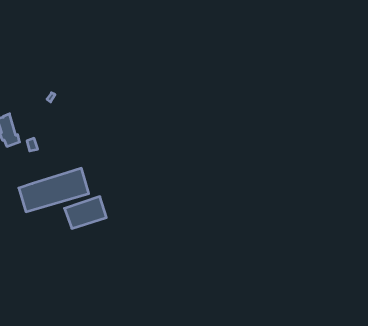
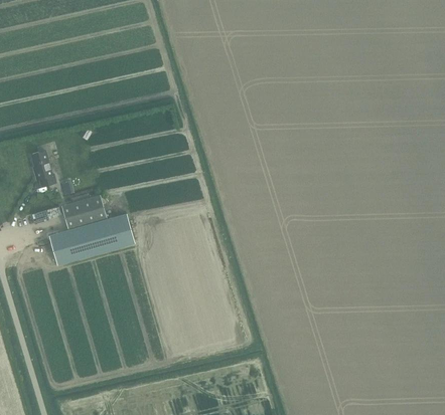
building: [64,197,106,228] -> [61,197,108,232]

